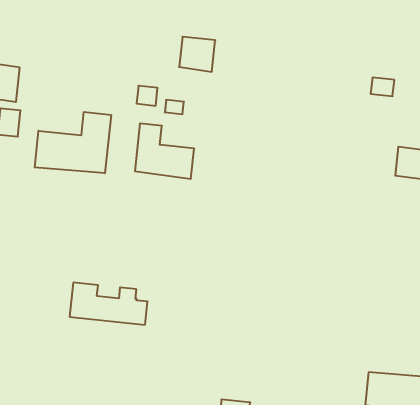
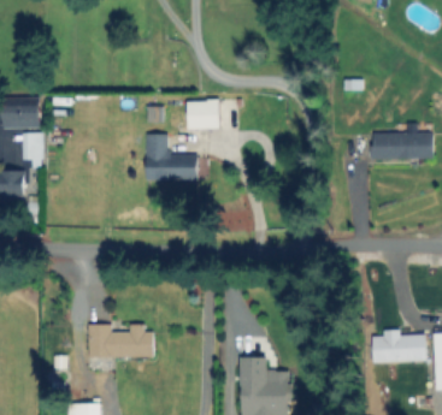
building: [179,37,215,72] -> [189,103,218,131]
building: [35,112,111,173] -> none
building: [70,283,148,325] -> [89,325,155,355]

